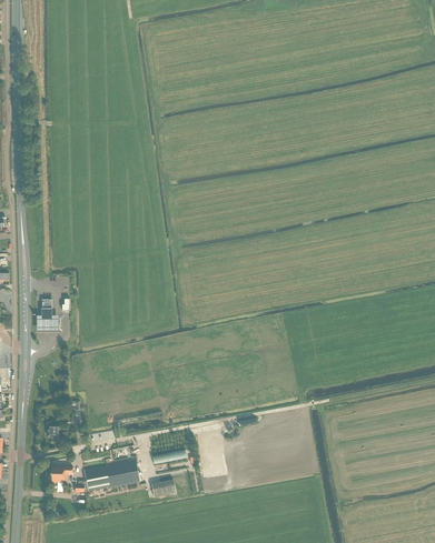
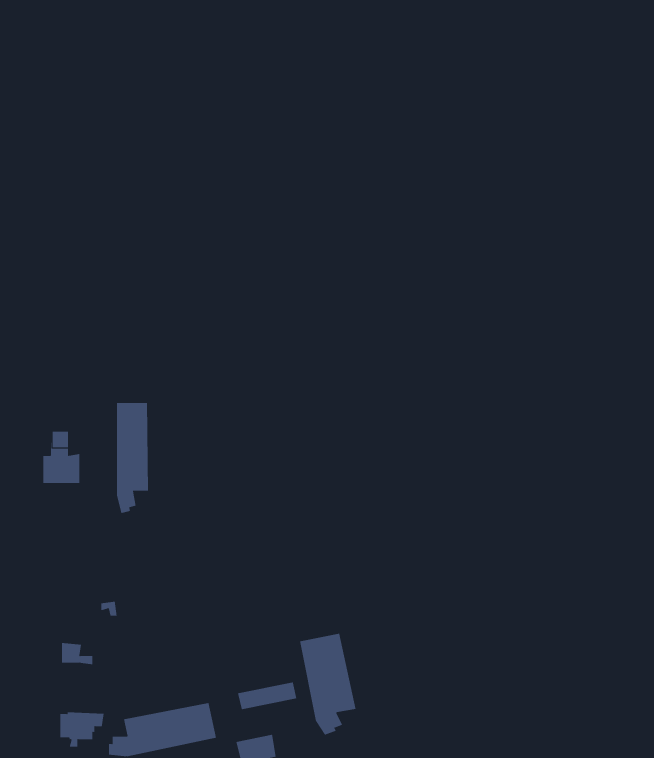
building: none -> [116,402,148,514]
building: none -> [299,633,356,736]

